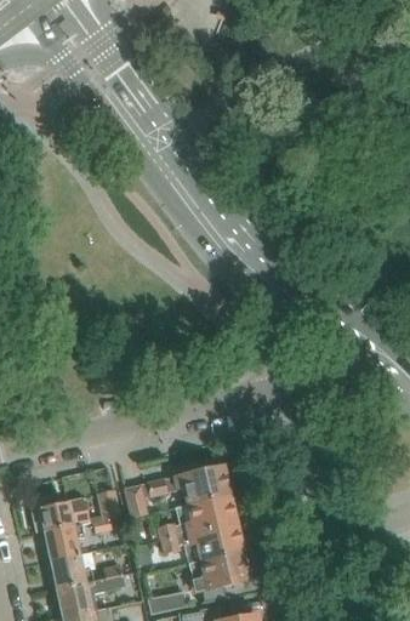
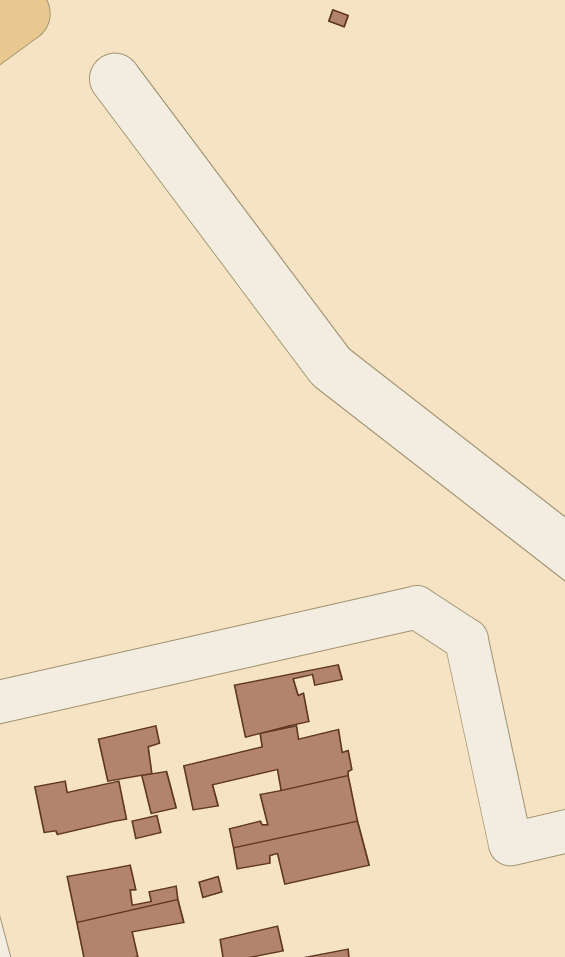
building: none -> [234,665,342,737]
building: [46,524,85,559] -> [98,726,160,781]
building: [190,552,250,592] -> none

